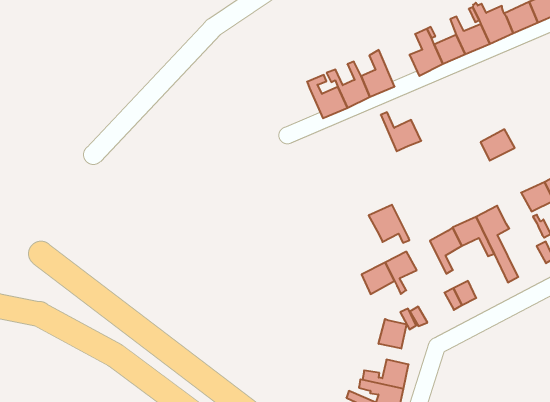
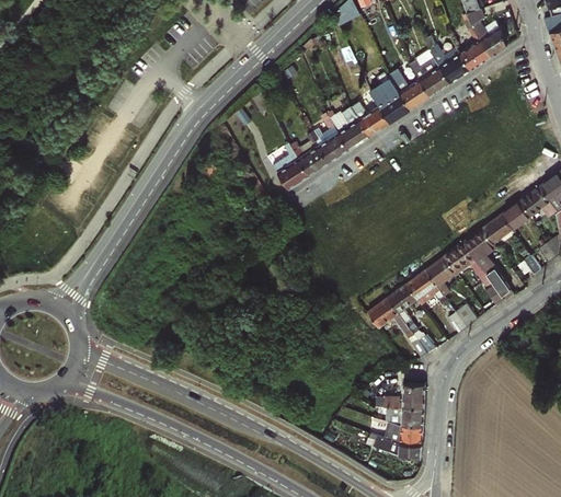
building: none -> [277,150,310,189]
building: [381,112,421,151] -> [351,102,391,136]
building: [481,129,515,161] -> [481,213,513,244]
building: [369,205,409,243] -> [405,270,446,305]
building: [379,319,407,349] -> none

